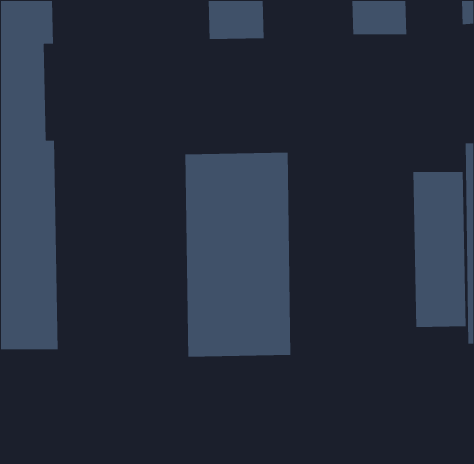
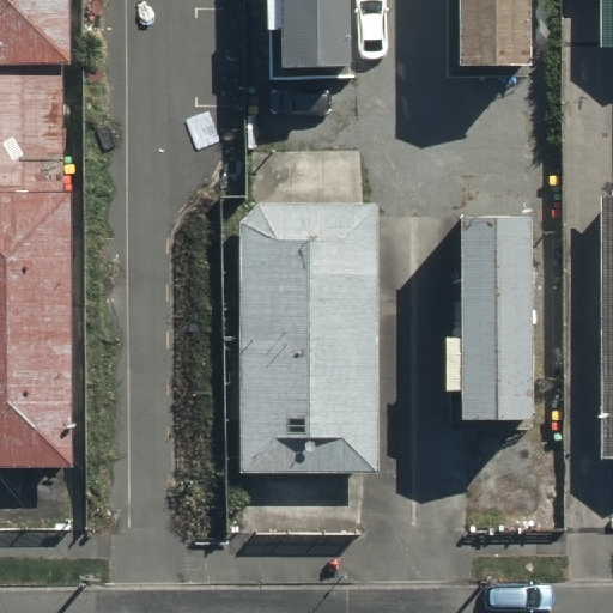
building: [413,171,466,328] -> [459,205,528,407]

